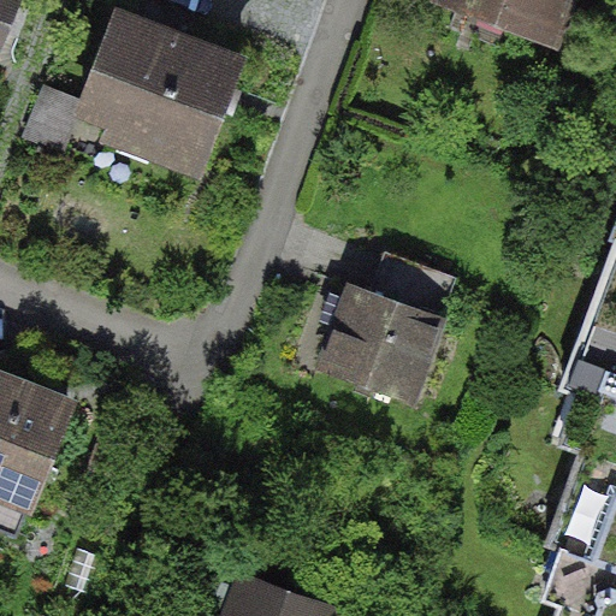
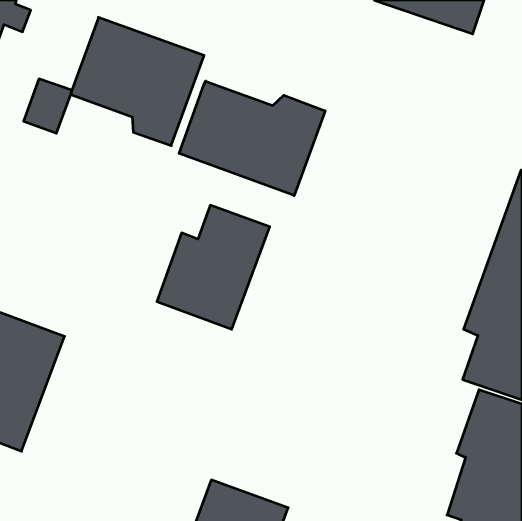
building: none -> [179,81,325,196]
building: [322,257,455,403] -> [157,205,270,329]

